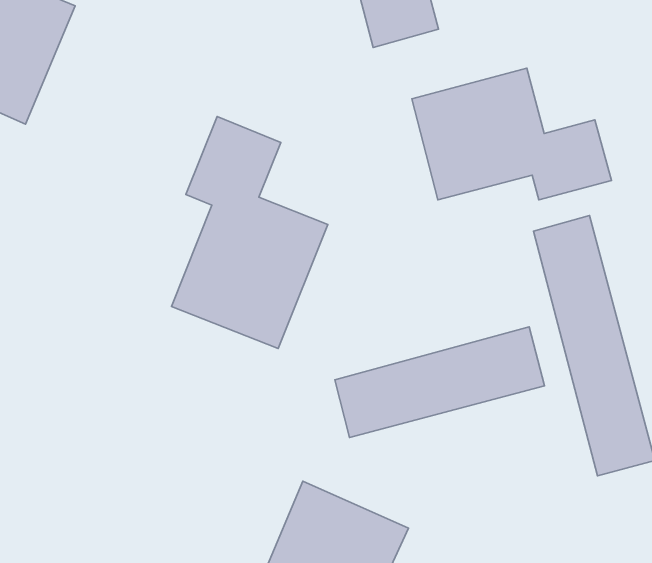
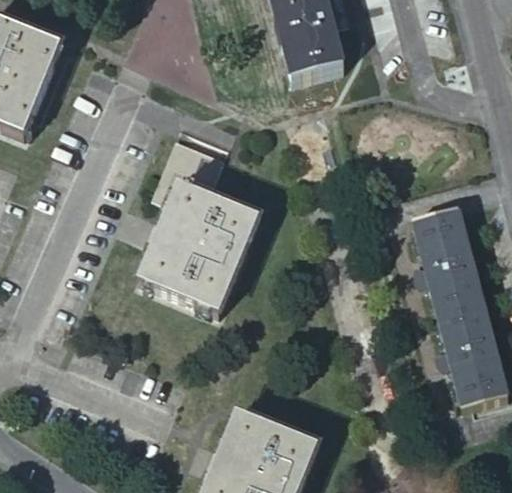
building: [412,68,611,200] -> none
building: [335,327,544,438] -> none

